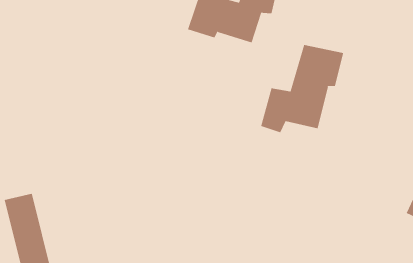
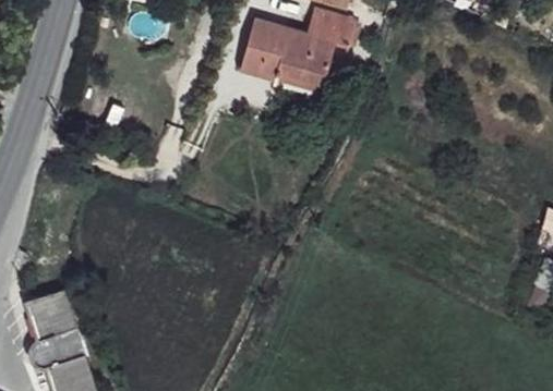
building: [260,44,344,133] -> none

